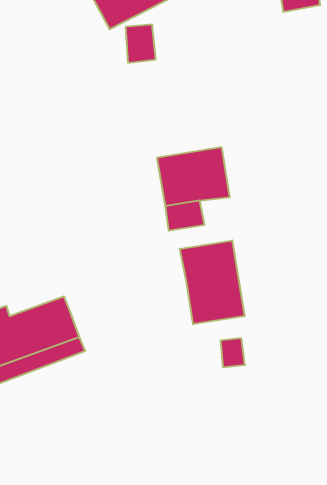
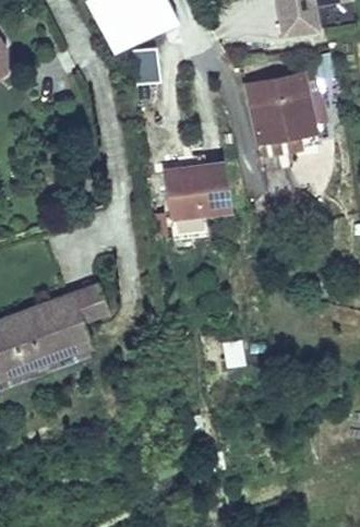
building: none -> [247,71,317,154]
building: [180,240,244,324] -> none
building: none -> [21,282,107,320]

